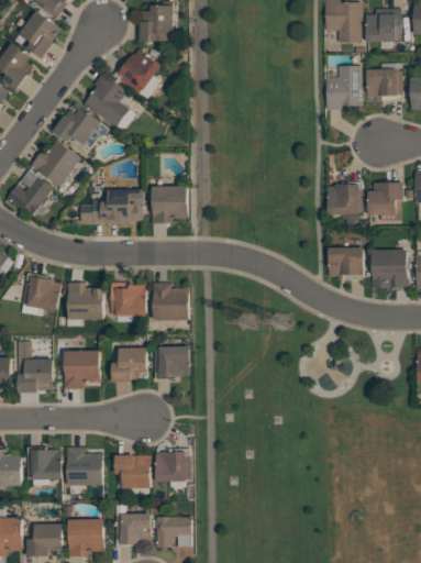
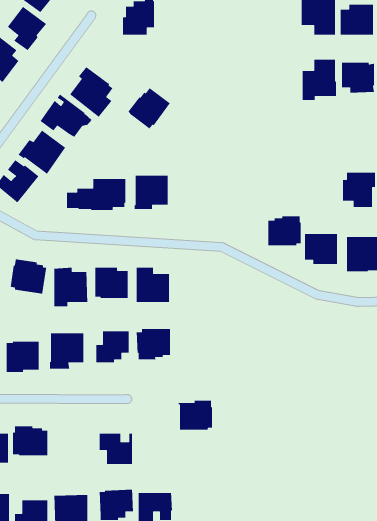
building: [114,49,159,93] -> [127,87,171,130]
building: [326,183,362,214] -> [268,216,301,246]
building: [65,448,102,486] -> none
building: [154,450,190,482] -> [178,400,213,431]

